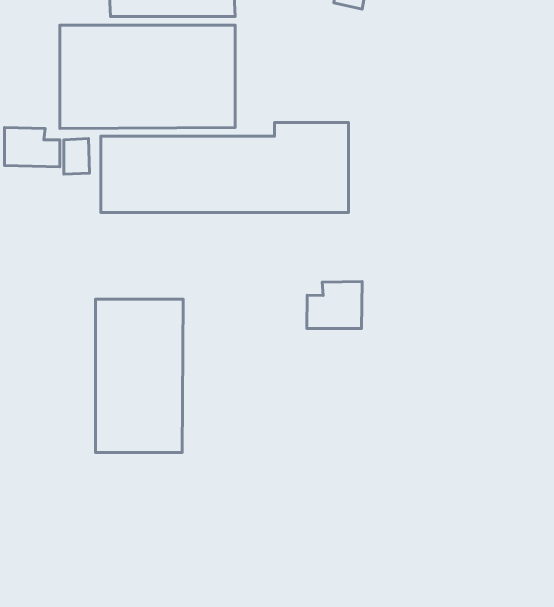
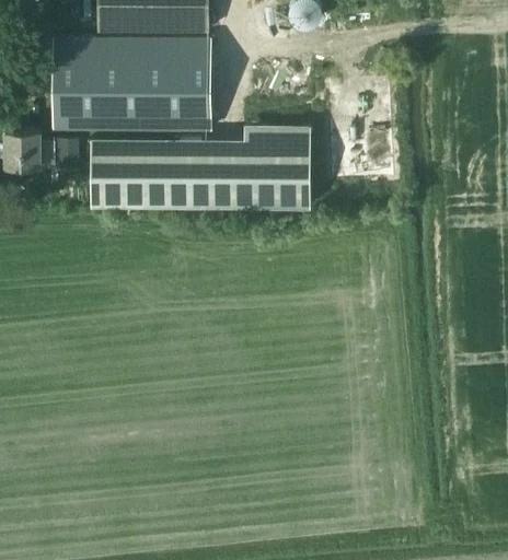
building: [307,282,362,328] -> none
building: [96,299,183,453] -> none

